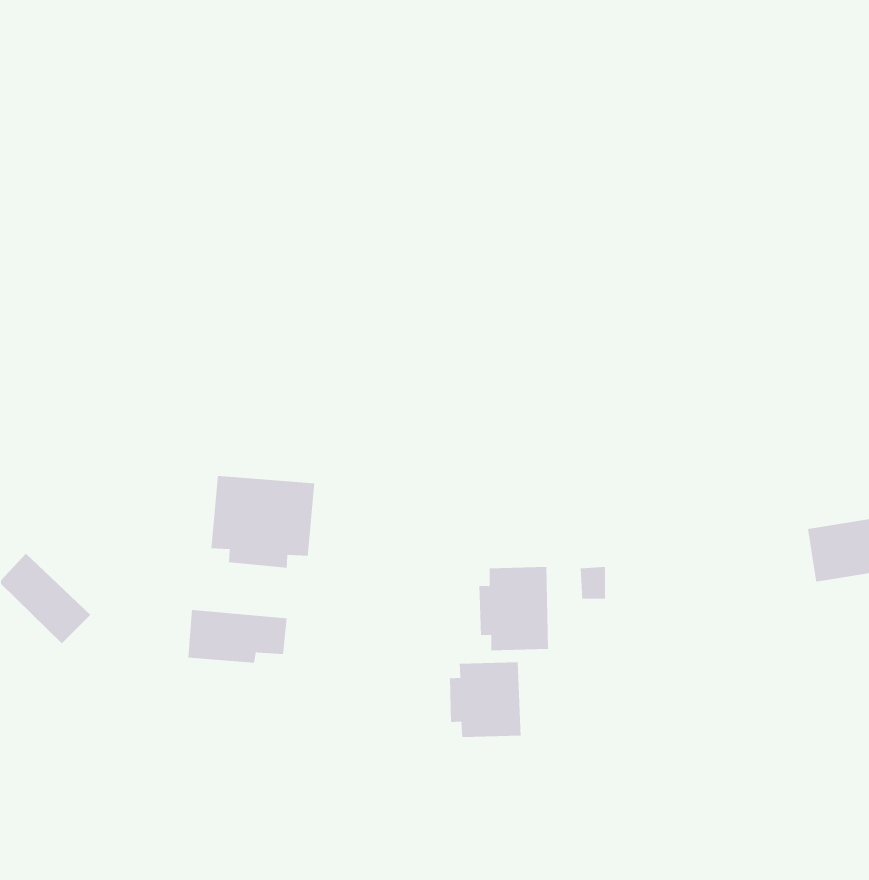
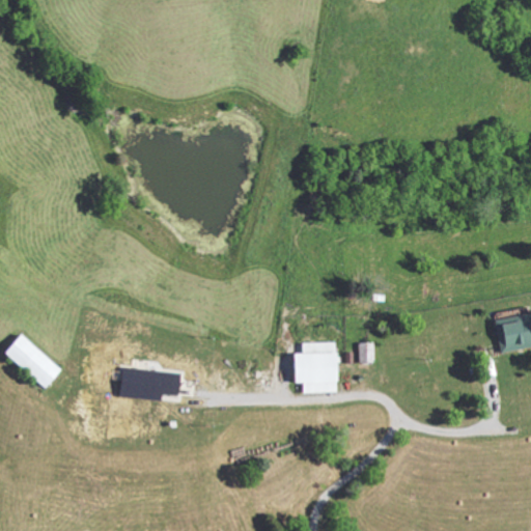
building: [211,475,315,568] -> none
building: [449,661,521,738] -> none

